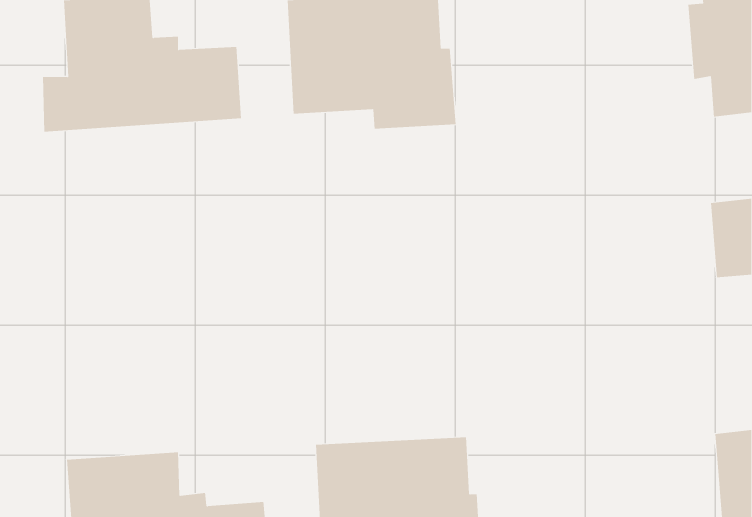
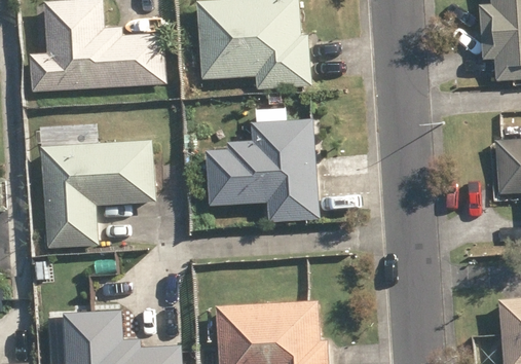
building: none -> [207,120,321,221]
building: none -> [42,140,157,248]

